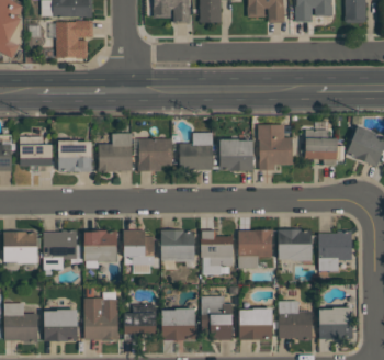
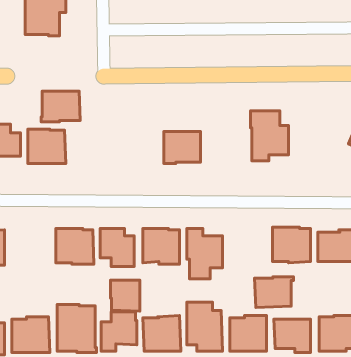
building: [305,128,338,165] -> none
building: [138,137,172,170] -> none
building: [219,138,253,170] -> none
building: [98,144,133,171] -> [41,91,80,122]
building: [43,229,77,258] -> none
building: [238,229,273,257] -> [254,277,294,307]
building: none -> [111,280,140,311]

